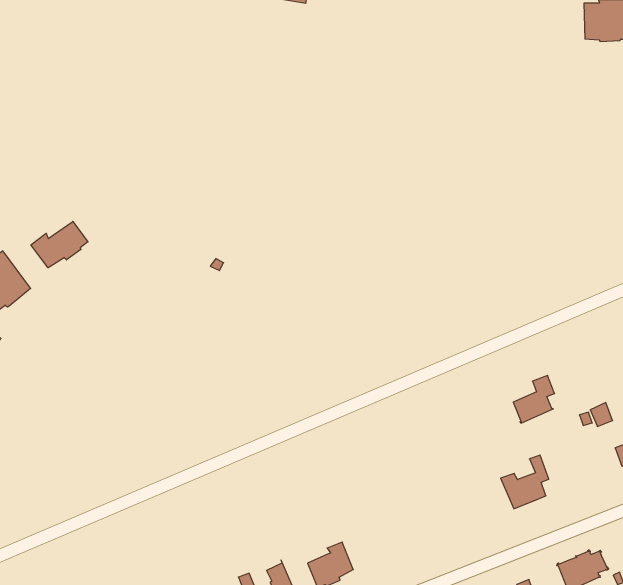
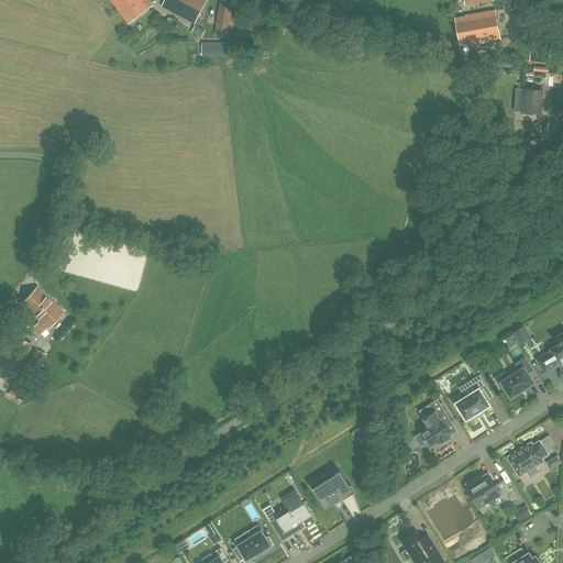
building: [31,221,88,268] -> none
building: [513,375,555,423] -> [500,357,532,398]
building: none -> [420,400,450,446]

